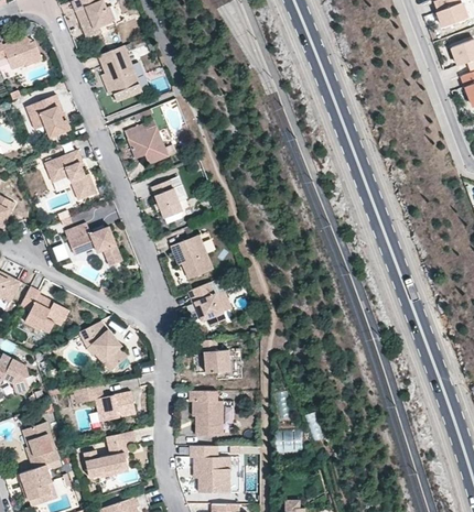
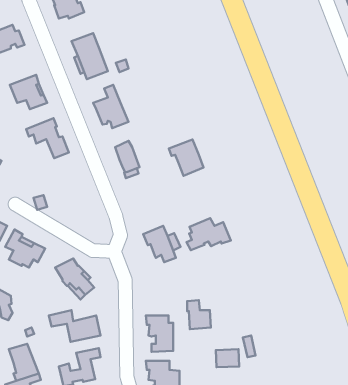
building: [66,222,122,266] -> none
building: [172,233,214,277] -> [169,140,203,176]
building: none -> [187,218,231,250]
building: [202,338,230,373] -> [187,300,211,329]

